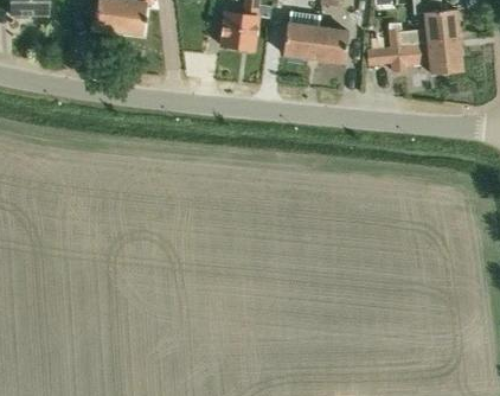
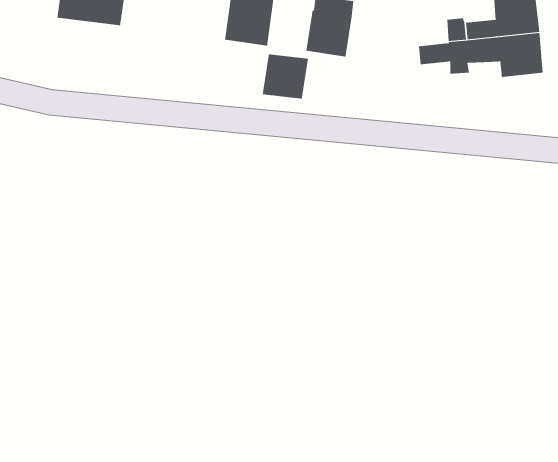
building: [313,27,348,62] -> [262,54,309,99]

